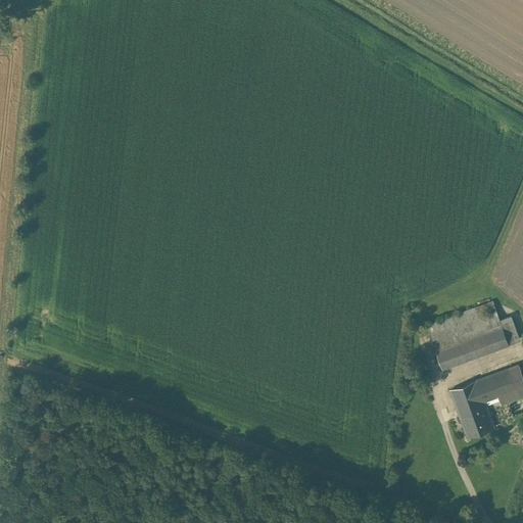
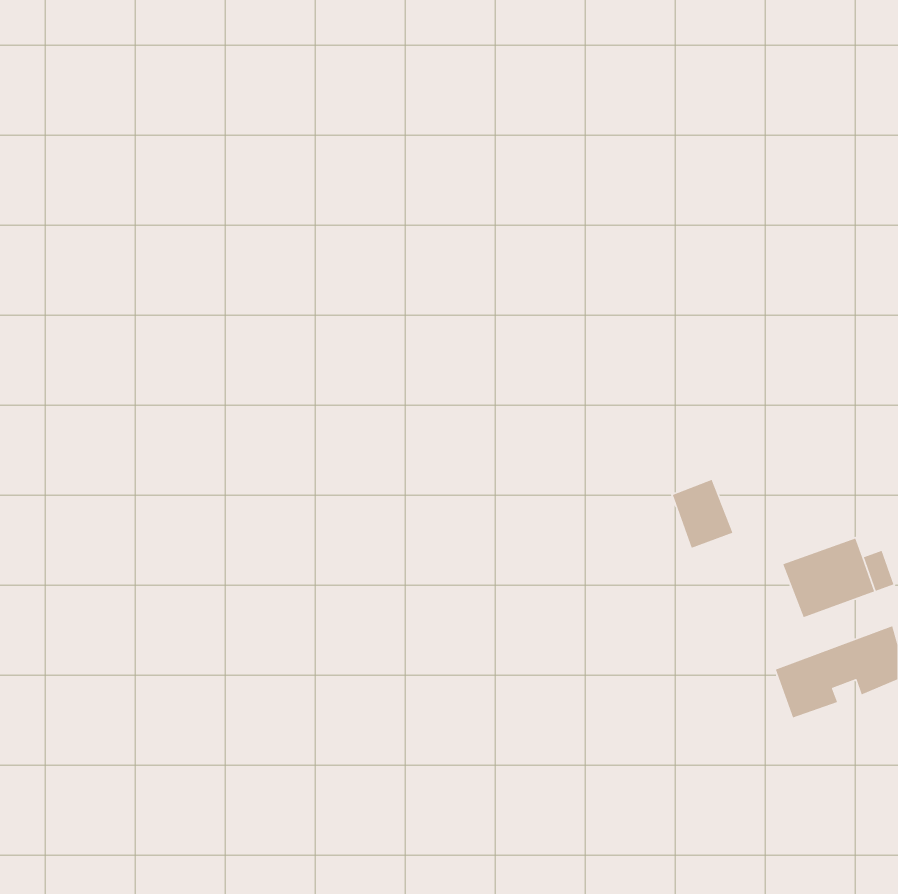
building: [431,330,467,371] -> [672,479,733,549]
building: [461,411,493,439] -> none

